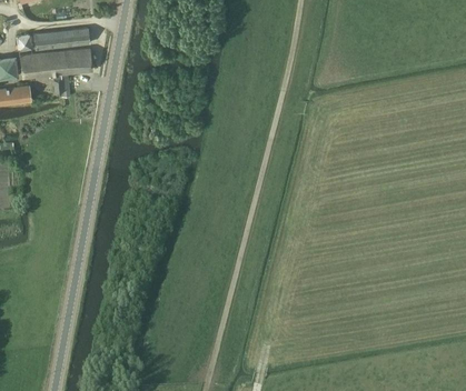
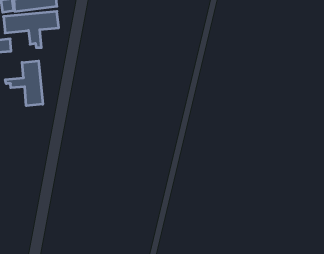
building: none -> [5,61,43,106]

